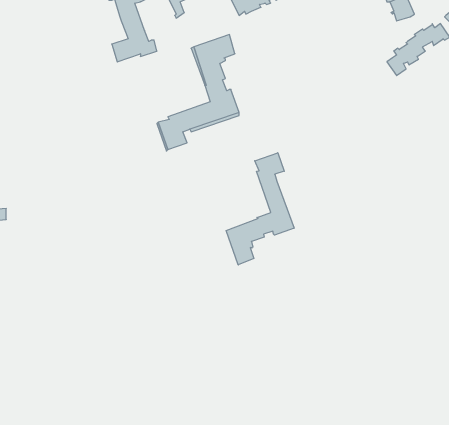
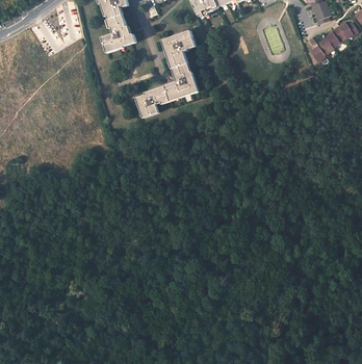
building: [226,153,294,265] -> none

